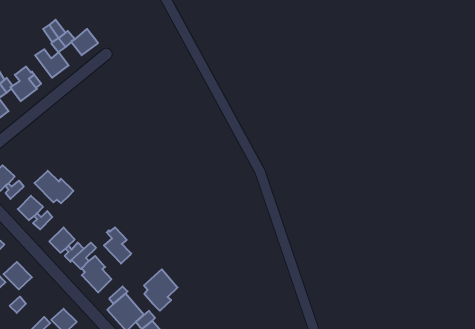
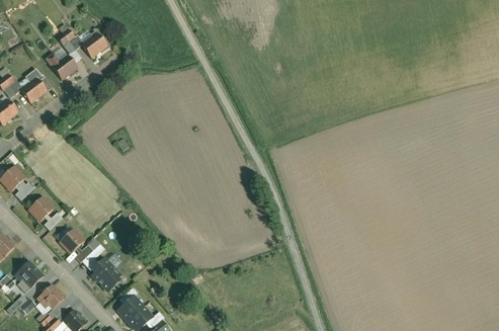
building: [34,171,73,203] -> none
building: [104,227,131,264] -> none
building: [144,269,178,311] -> none
building: none -> [36,282,66,309]

